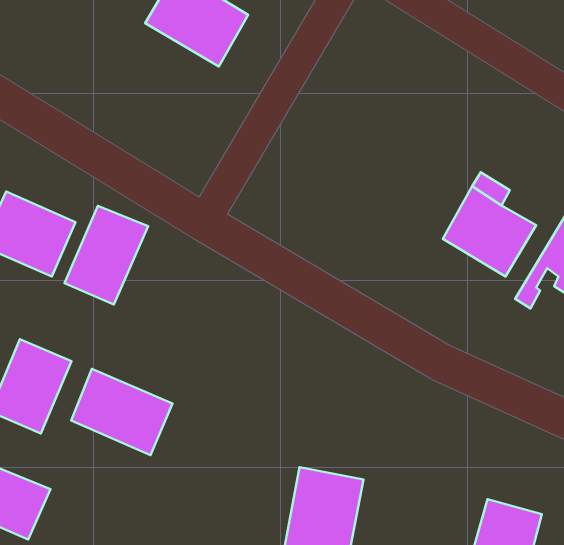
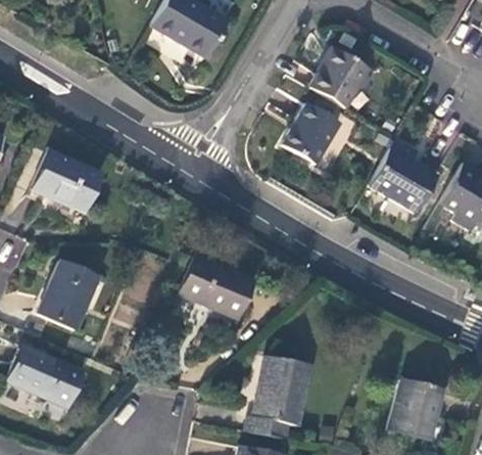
building: none -> [308,47,372,110]
building: none -> [282,103,340,166]
building: [64,206,148,305] -> none
building: [71,369,173,455] -> [179,256,253,319]

